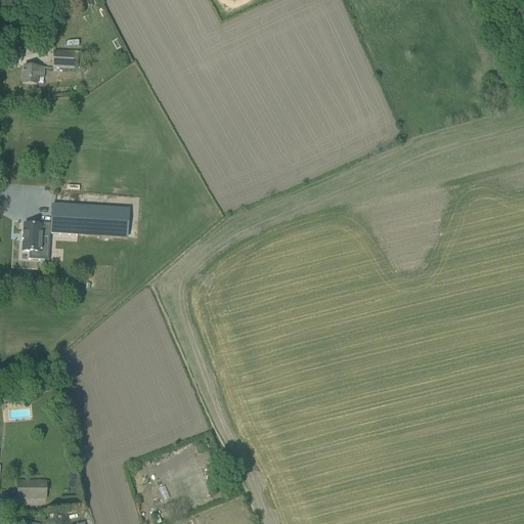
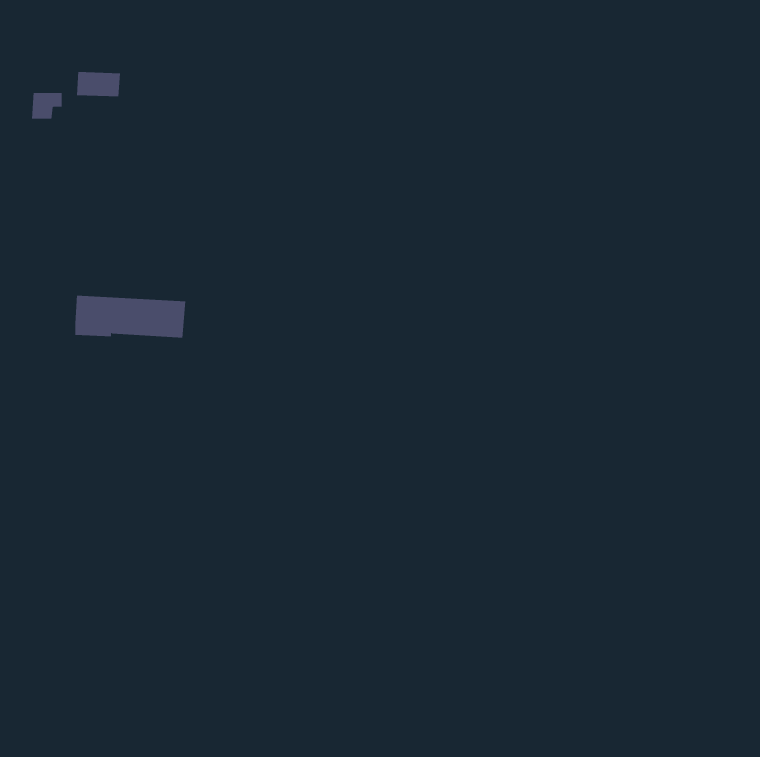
building: [23,220,52,257] -> none
building: [18,480,46,496] -> none

